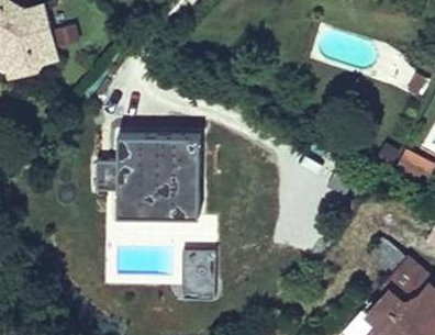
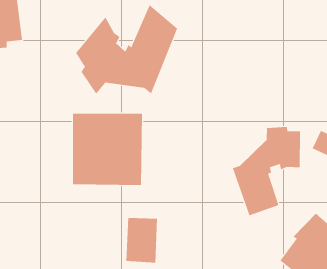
building: none -> [76,4,178,94]
building: none -> [232,126,300,216]

